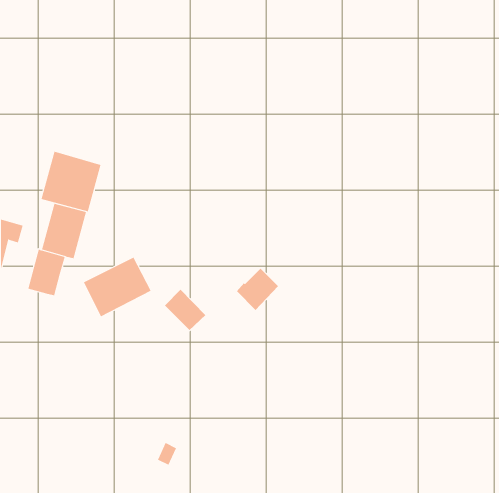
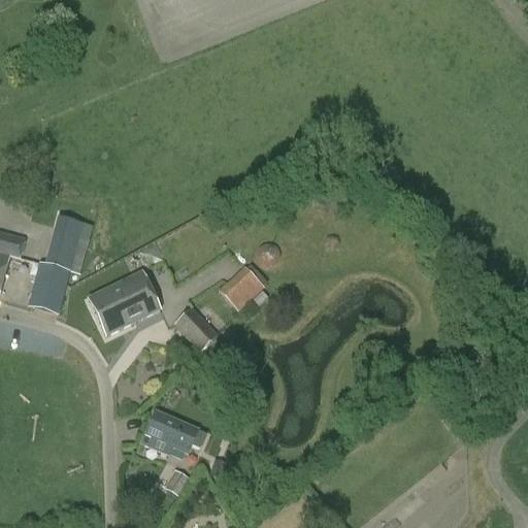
building: [41,151,101,212] -> none
building: [236,268,279,311] -> [218,264,263,309]
building: none -> [144,410,206,453]

